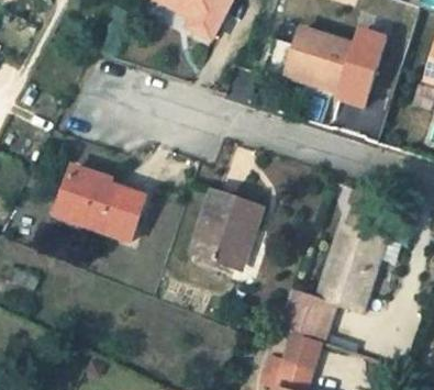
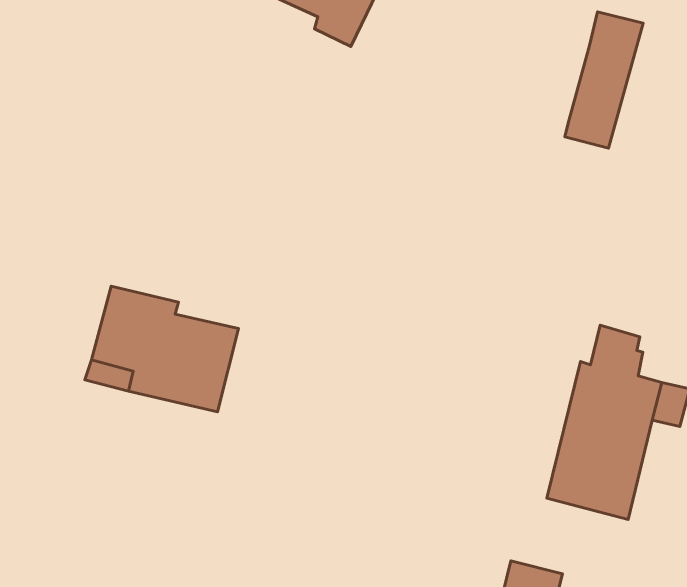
building: [281,27,350,88] -> none
building: [192,190,255,264] -> none
building: [277,291,331,341] -> none

